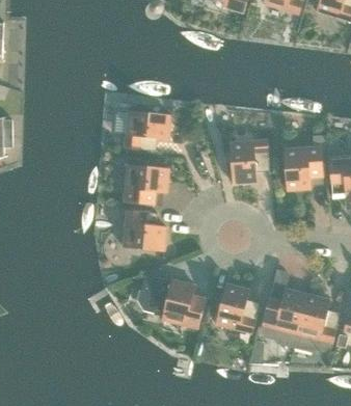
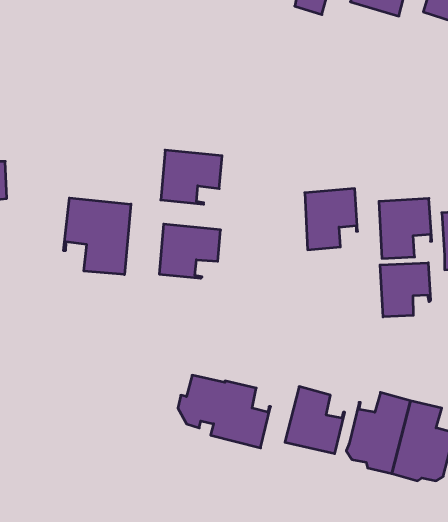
building: none -> [64,198,131,275]
building: none -> [380,263,430,317]
building: [123,209,166,249] -> none

